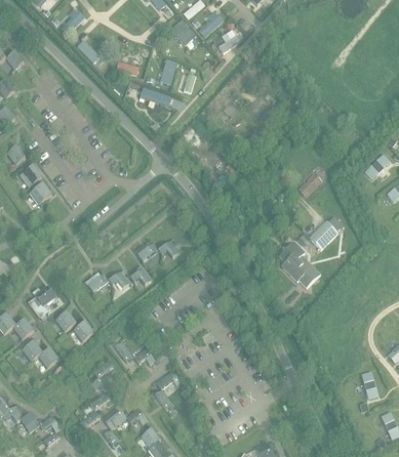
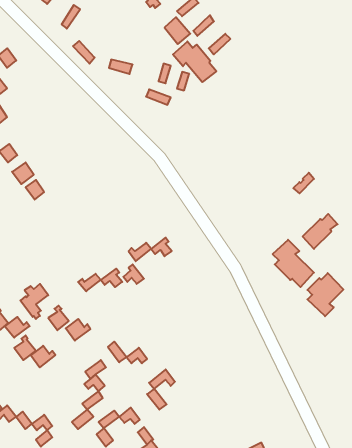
building: none -> [173,41,216,82]
building: none -> [307,273,343,316]

